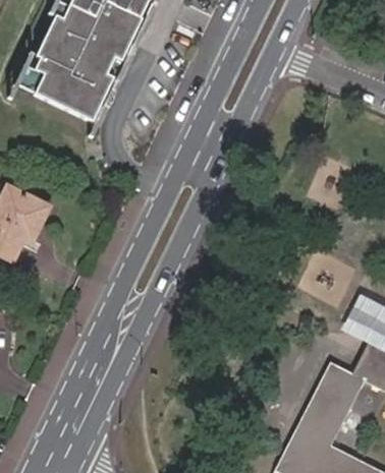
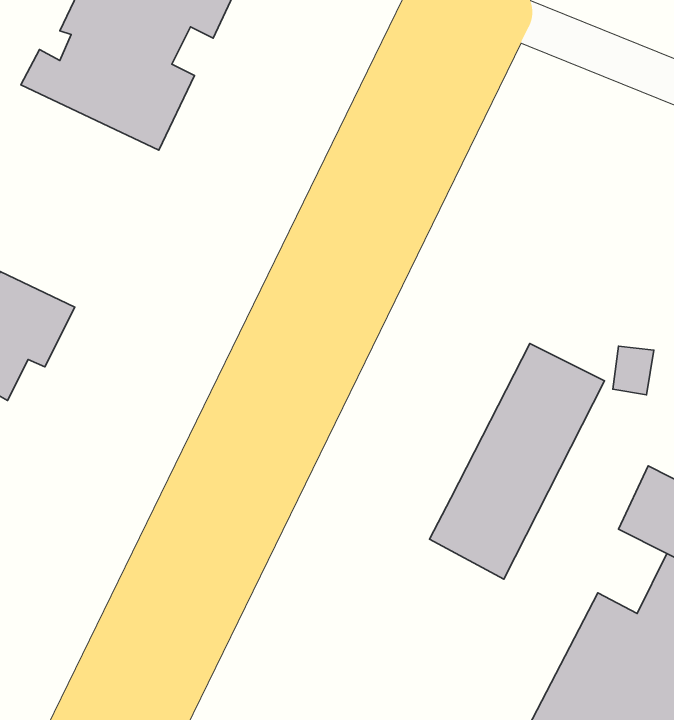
building: none -> [429,343,605,579]

